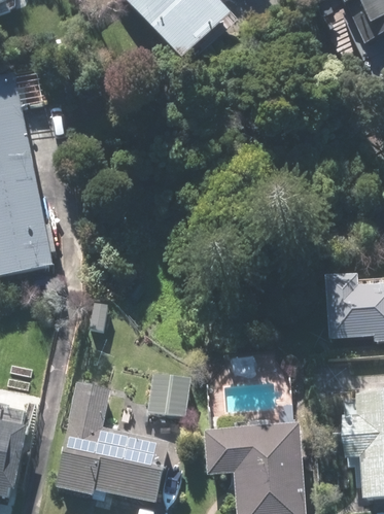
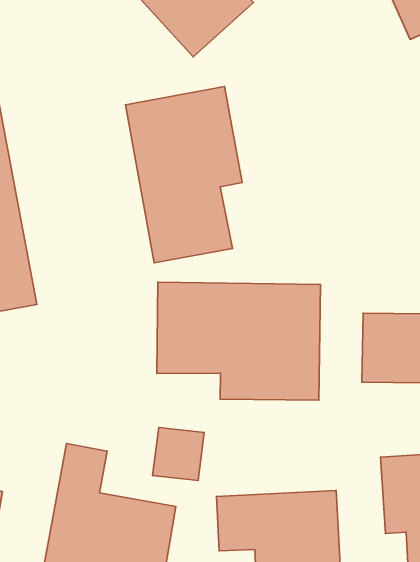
building: none -> [125,87,242,263]
building: none -> [157,282,320,400]

